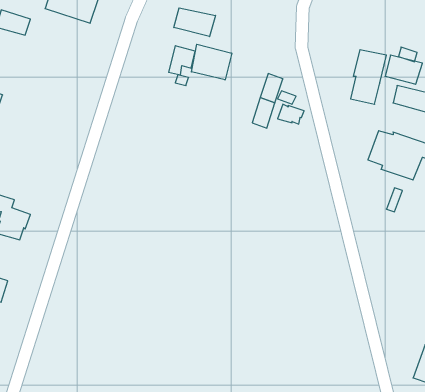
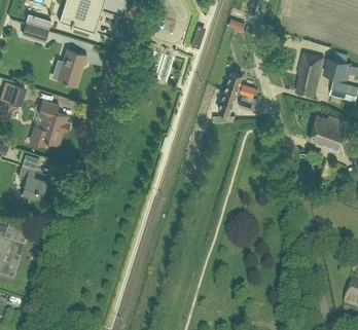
building: [174,8,215,37] -> none
building: [191,44,232,80] -> none
building: none -> [57,47,86,84]
building: none -> [29,98,67,144]

